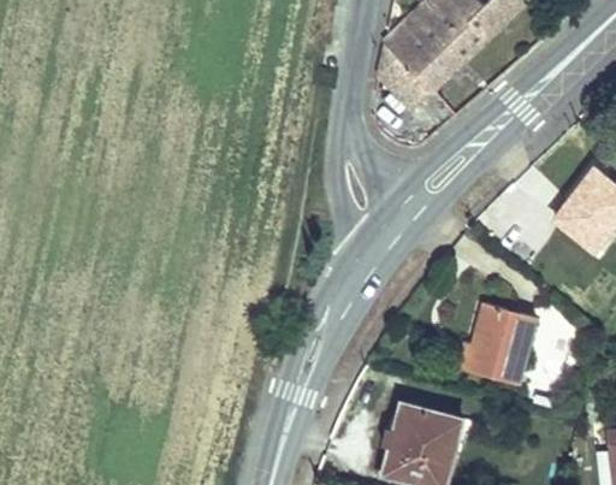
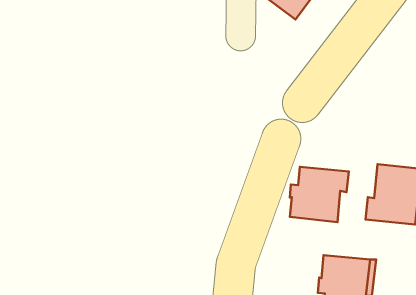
building: none -> [290,167,349,222]

